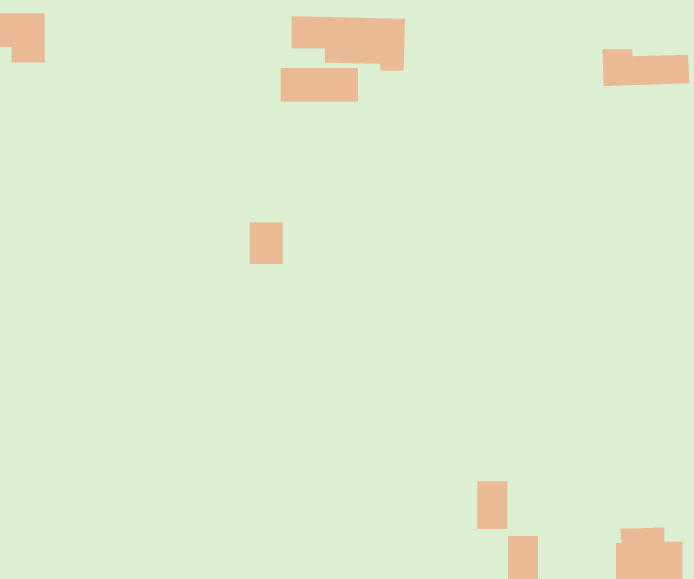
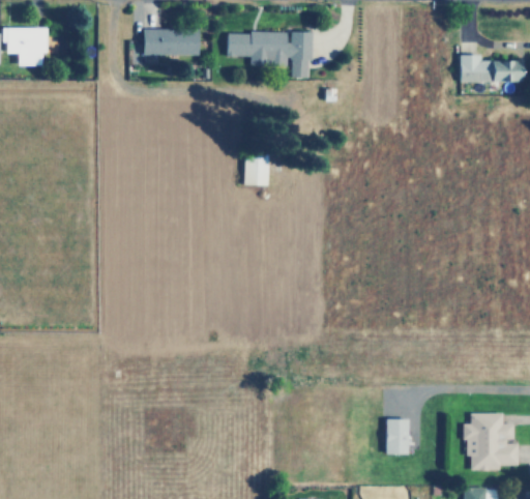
building: [280,67,359,102] -> [142,30,201,56]
building: [249,222,284,265] -> [244,155,270,187]
building: [477,481,508,530] -> none

